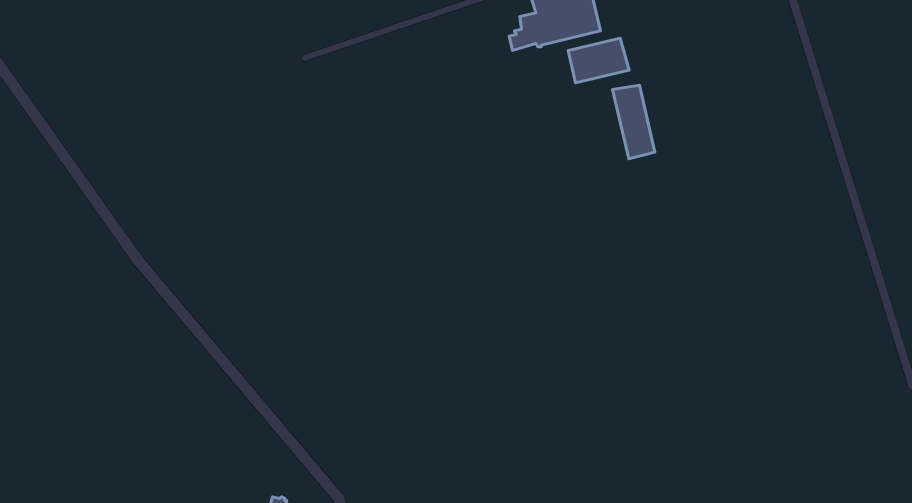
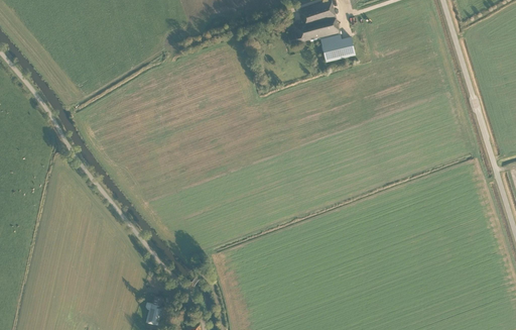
building: [613,85,655,159] -> none

